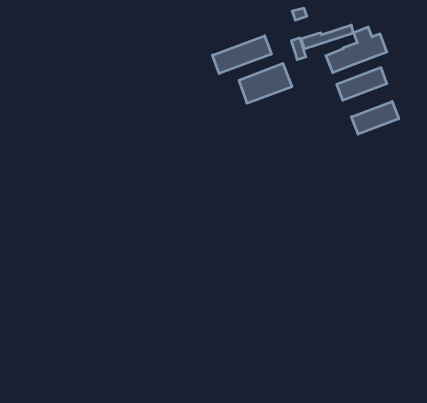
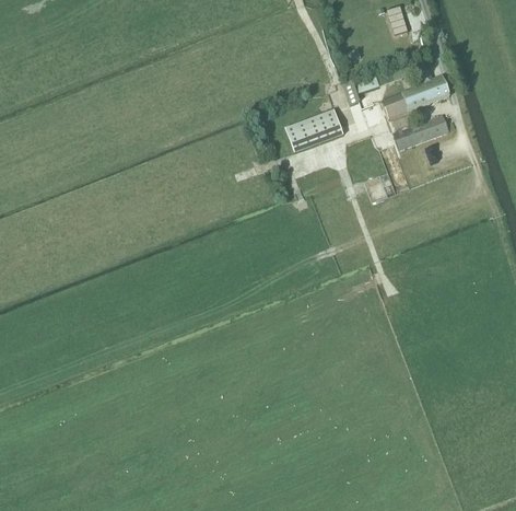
building: [212,36,271,74] -> none
building: [351,101,399,134] -> none

